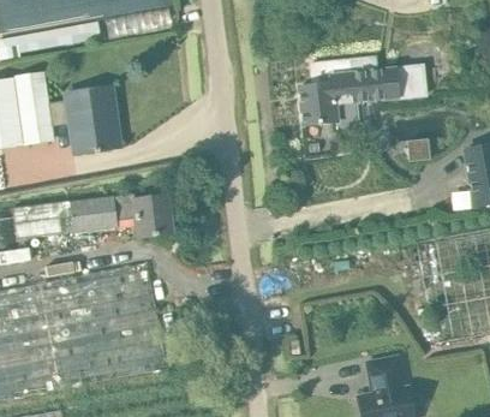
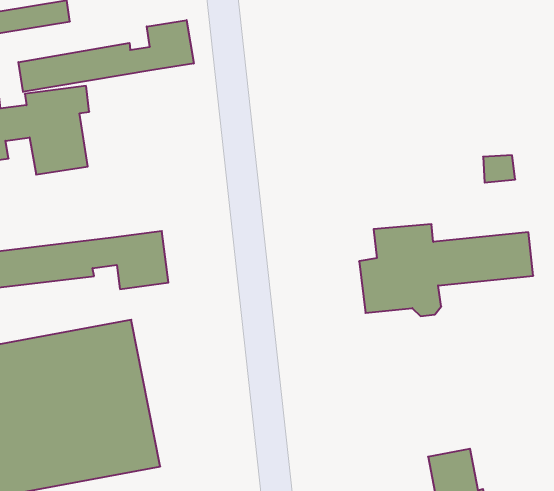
building: none -> [18,20,194,92]
building: [298,58,428,126] -> [359,224,533,316]

